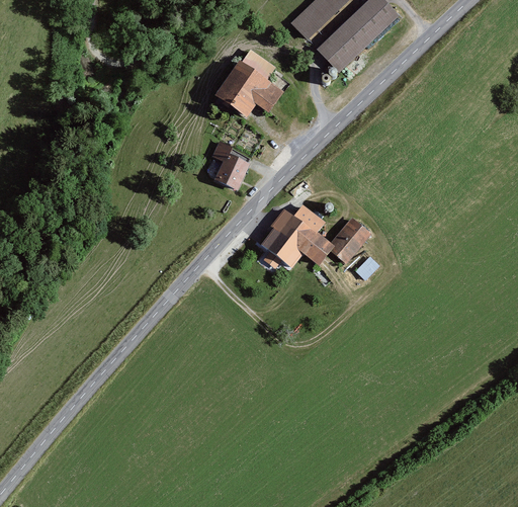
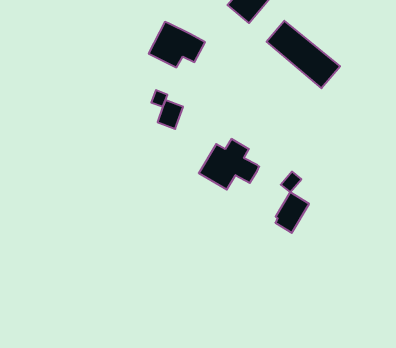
building: [242,50,274,78] -> none
building: none -> [267,21,340,88]
building: [329,216,371,264] -> [275,192,309,233]

